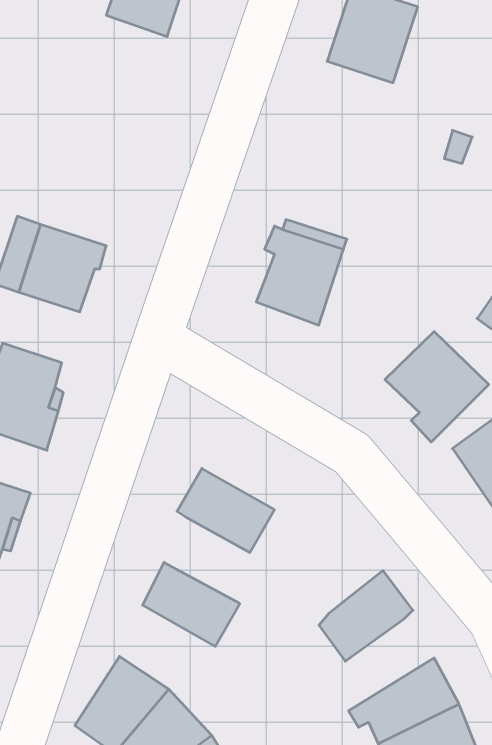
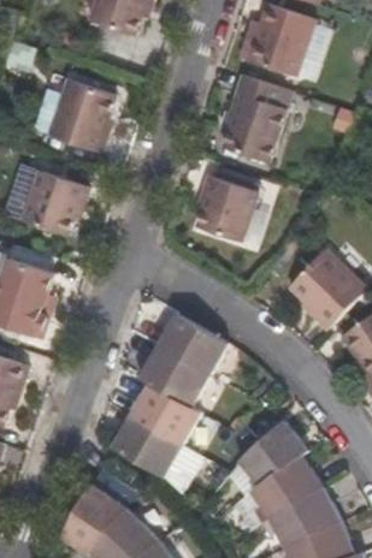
building: none -> [217,67,289,155]
building: none -> [47,77,112,149]
building: none -> [154,310,226,379]
building: none -> [126,385,200,447]
building: none -> [252,458,324,526]

